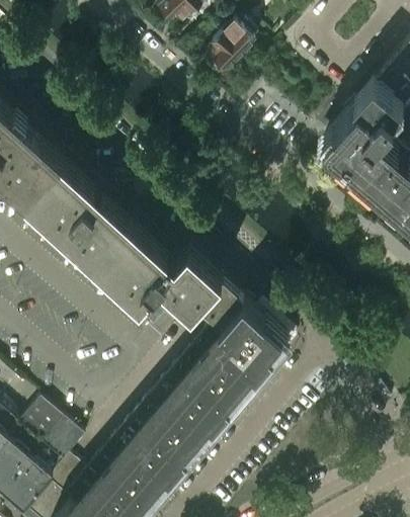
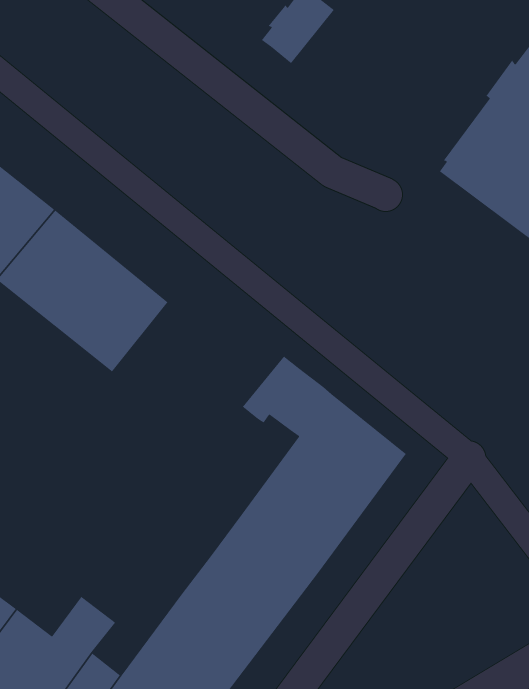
building: [92,232,208,332] -> none
building: [18,405,62,449] -> none

